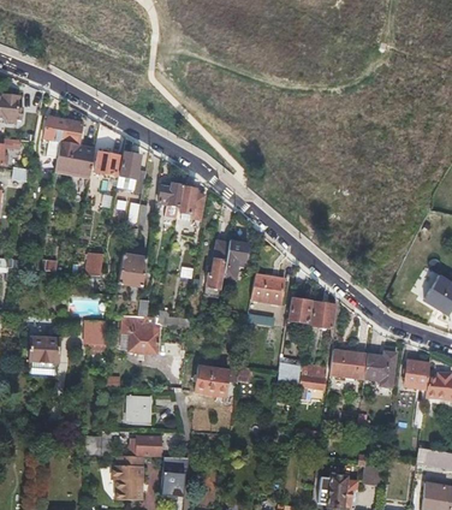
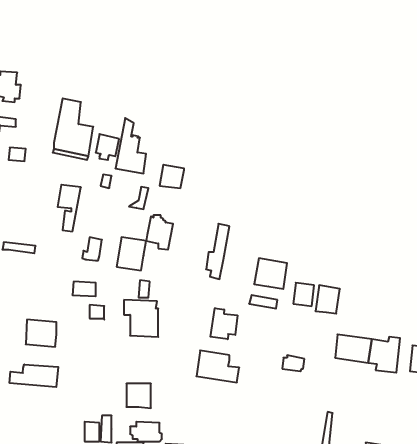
building: [41,117,64,162] -> [58,185,81,231]
building: [178,188,204,221] -> [146,215,173,250]
building: [221,242,246,279] -> none
building: none -> [210,308,237,339]
building: [299,364,326,401] -> none
building: none -> [10,364,58,387]

